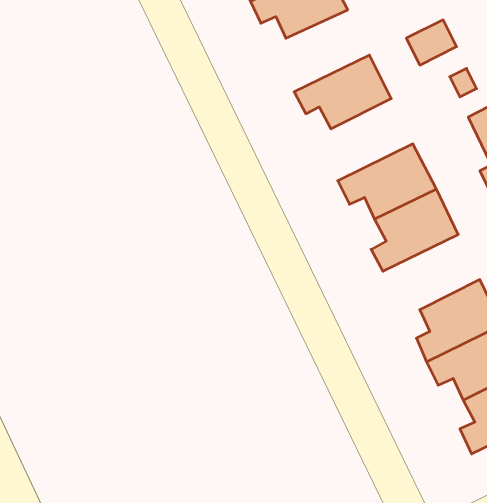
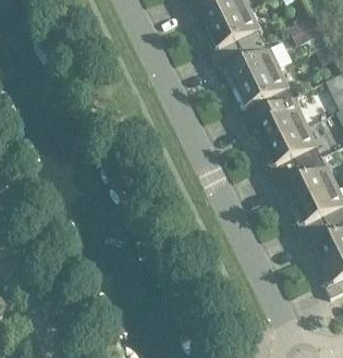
building: none -> [207,9,264,62]
building: none -> [236,66,292,120]
building: none -> [272,155,335,203]

